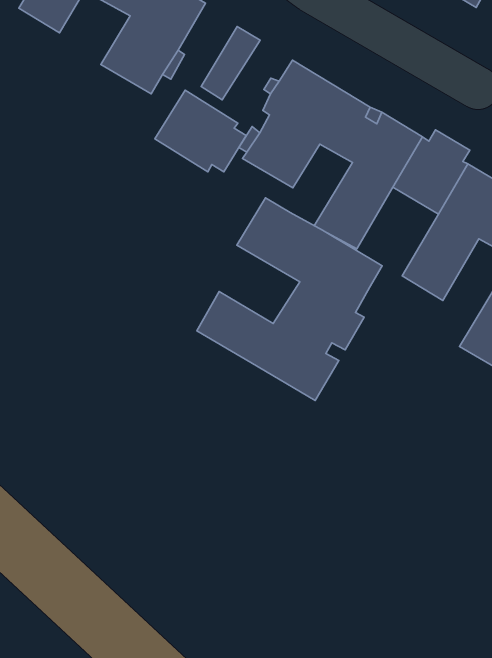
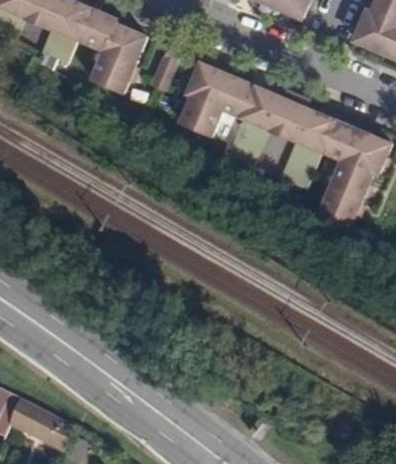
building: [155,90,246,172] -> none
building: [197,198,382,400] -> none

